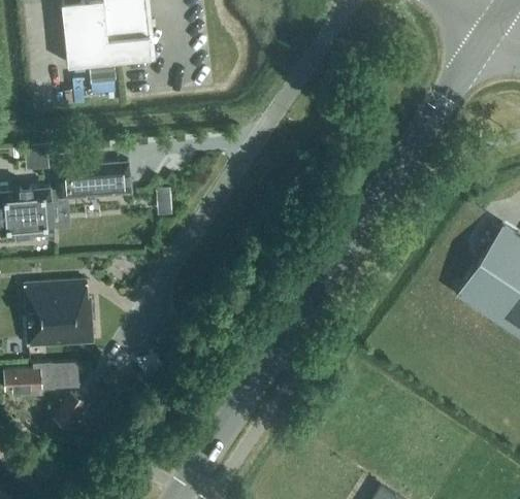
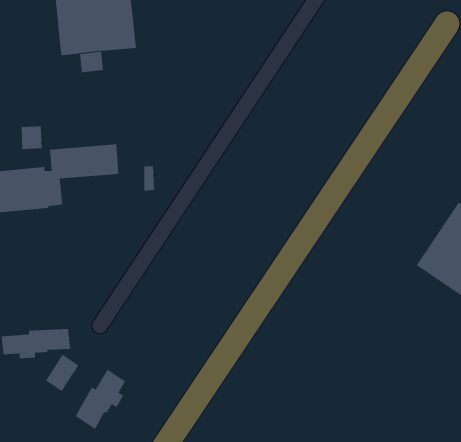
building: [25,280,93,347] -> none
building: none -> [75,369,126,430]

